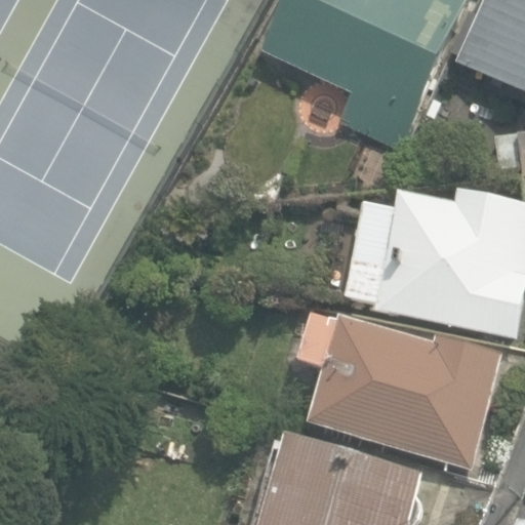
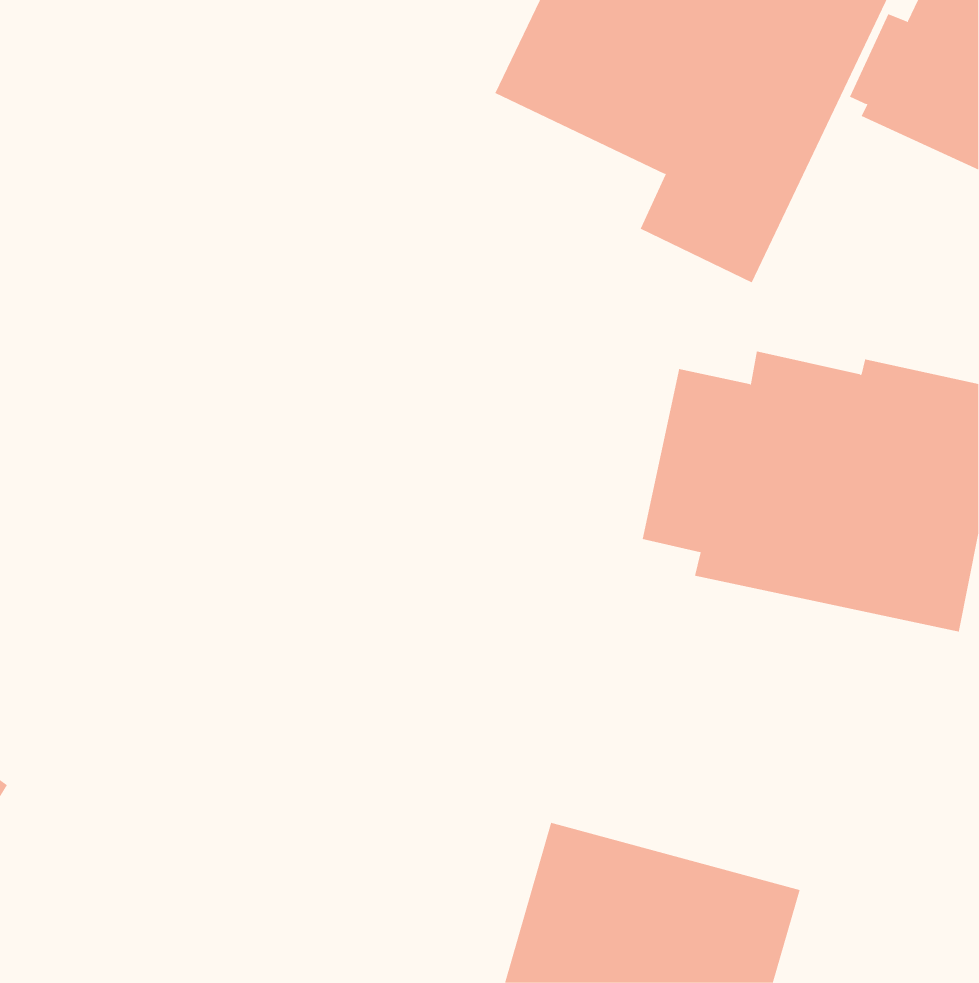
building: [302,314,504,469] -> none

